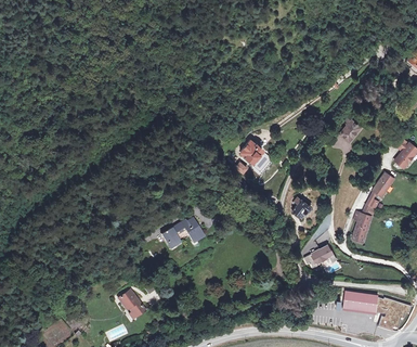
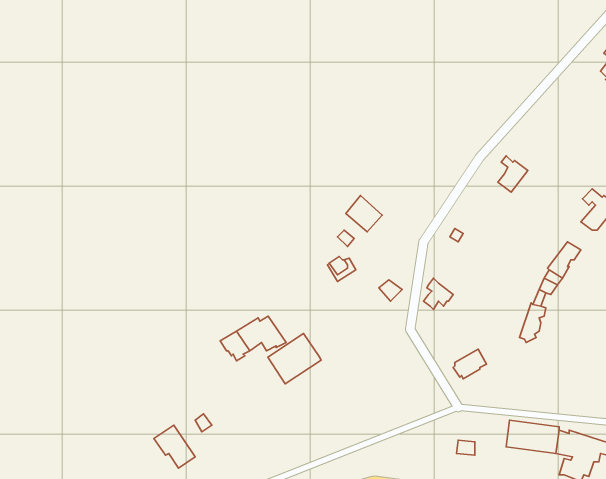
building: none -> [268,333,321,384]

